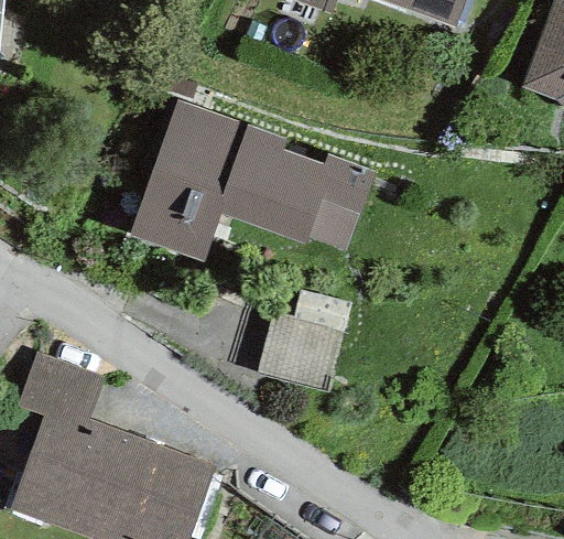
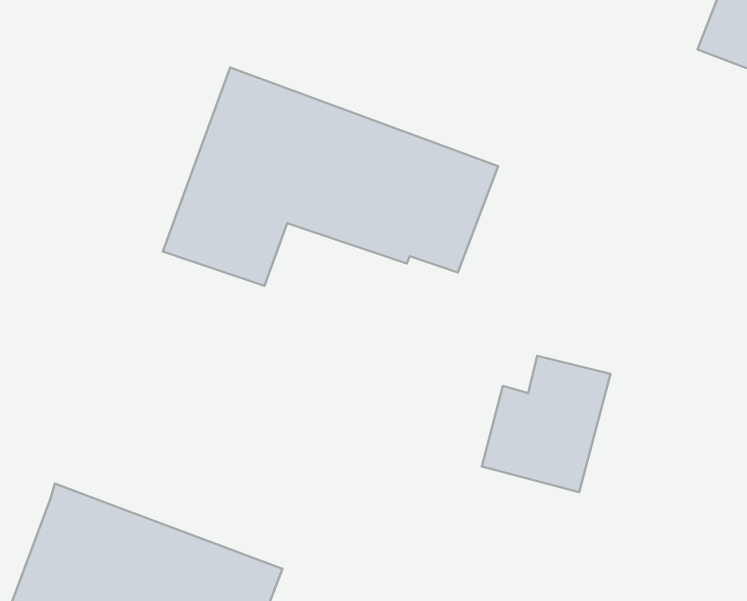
building: [258,291,352,391] -> [482,356,611,492]
building: [14,351,105,421] -> none

